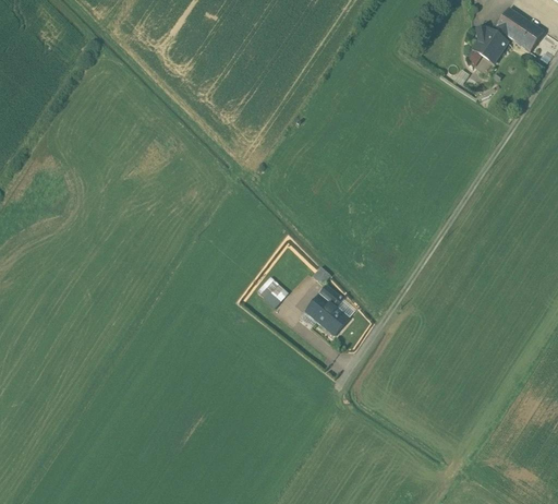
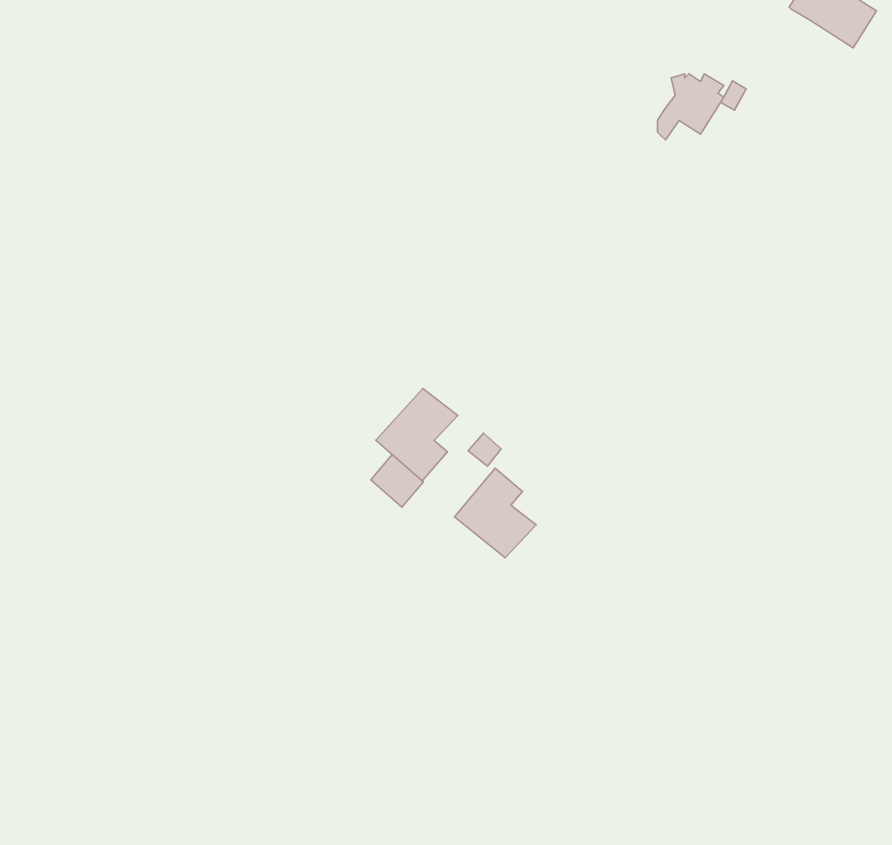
building: [468,28,505,65] -> [658,74,724,140]
building: none -> [376,388,458,481]

